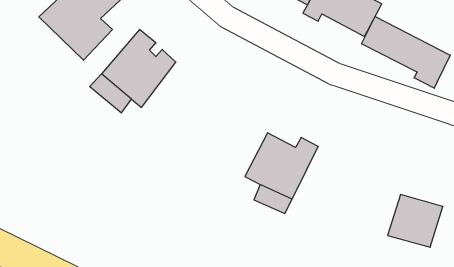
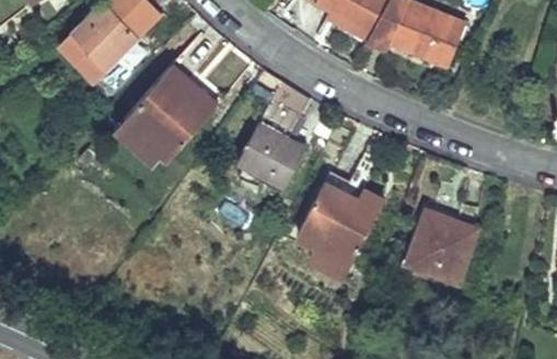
building: [362,16,450,88] -> none
building: none -> [239,125,311,193]
building: [388,195,443,247] -> [413,218,479,281]

